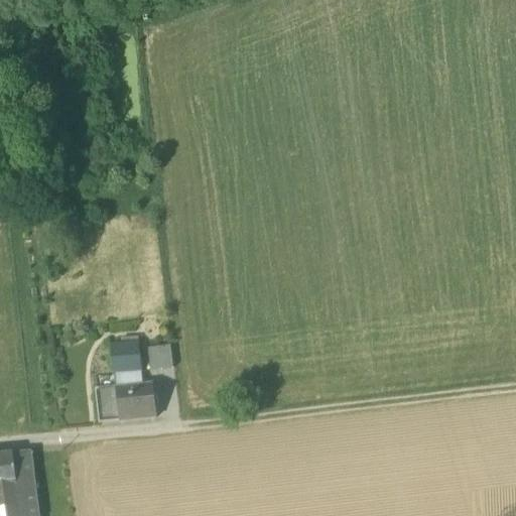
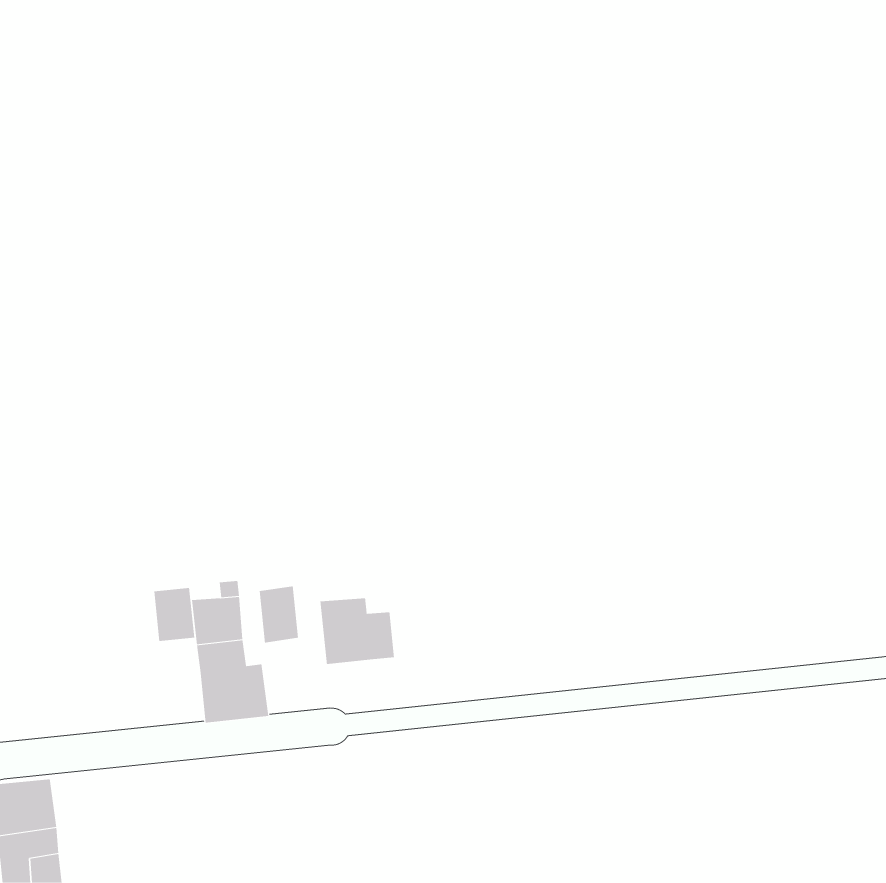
building: none -> [320,598,395,665]
building: [95,390,119,421] -> [153,588,195,641]

